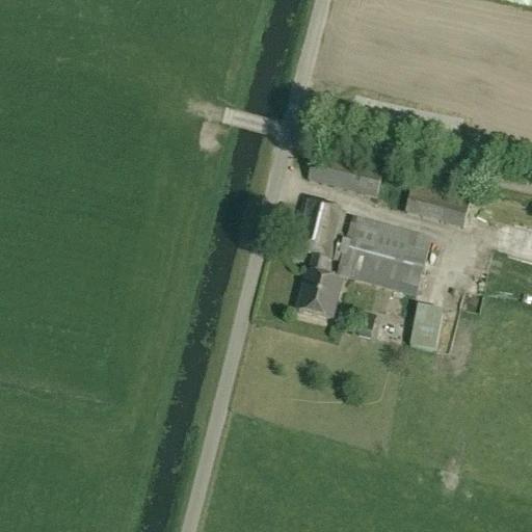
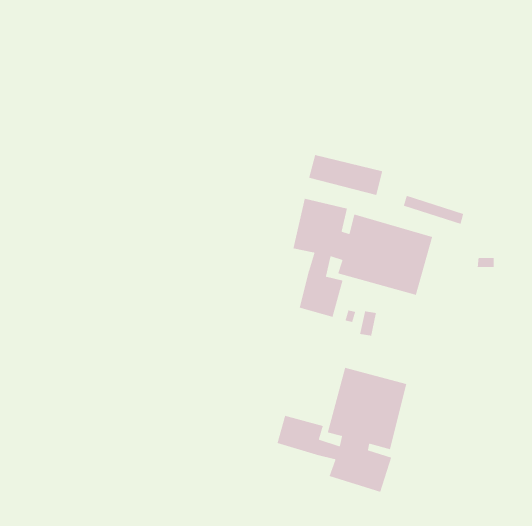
building: [409,303,444,348] -> none
building: none -> [277,367,407,493]

